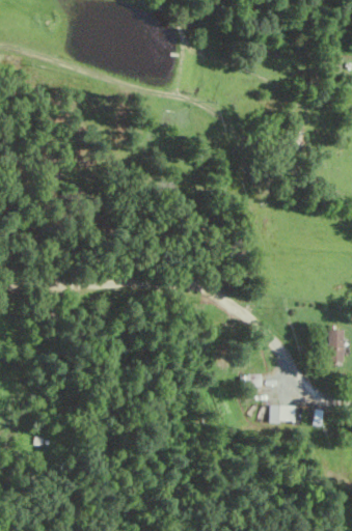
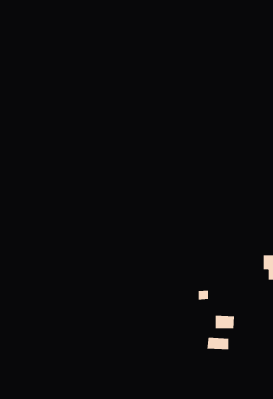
building: none -> [207,337,229,350]

